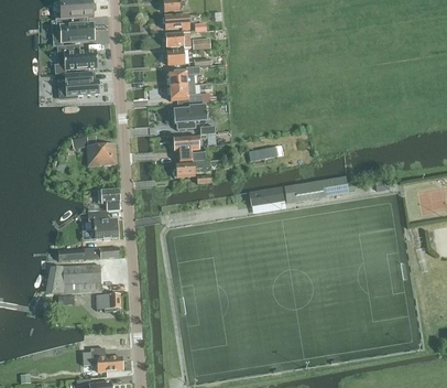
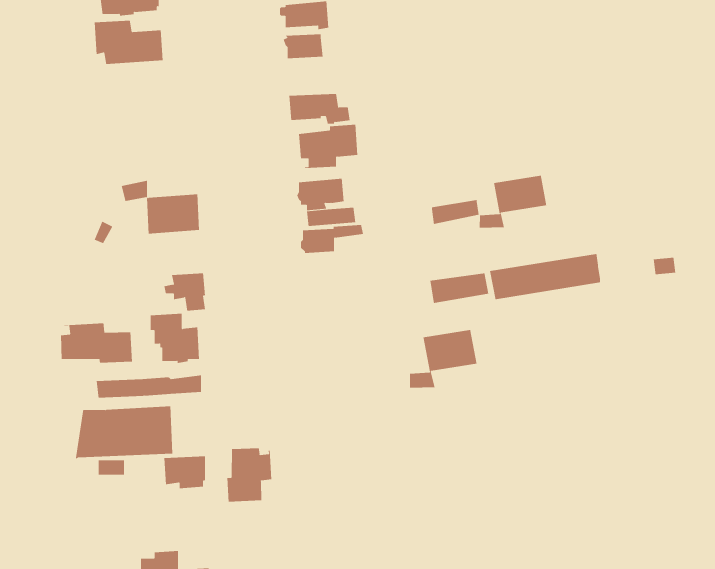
building: [166,68,198,87] -> none
building: [56,72,97,97] -> none
building: none -> [479,175,547,229]
building: none -> [60,323,133,364]
building: none -> [410,329,477,388]
building: none -> [227,447,272,503]

